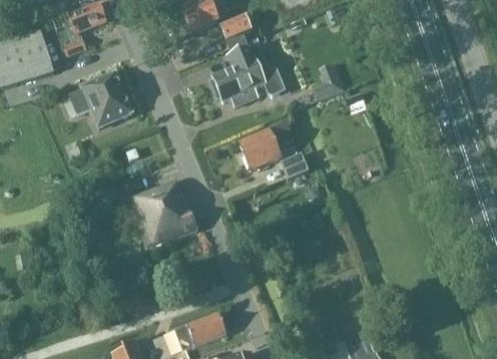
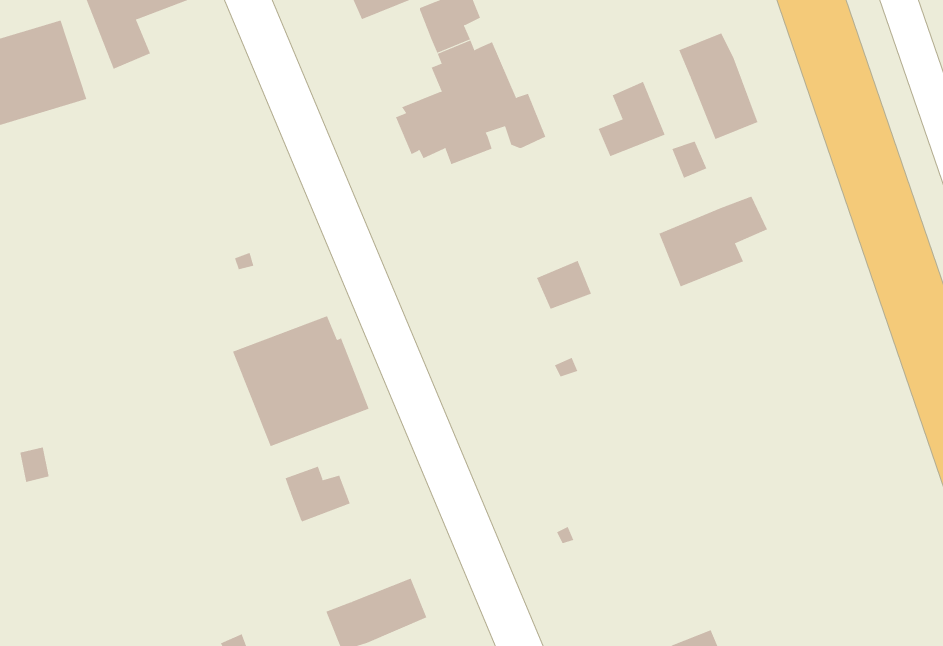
building: none -> [679,33,758,140]
building: [80,72,131,128] -> none
building: [238,123,294,169] -> [658,196,768,287]
building: none -> [285,466,351,522]

